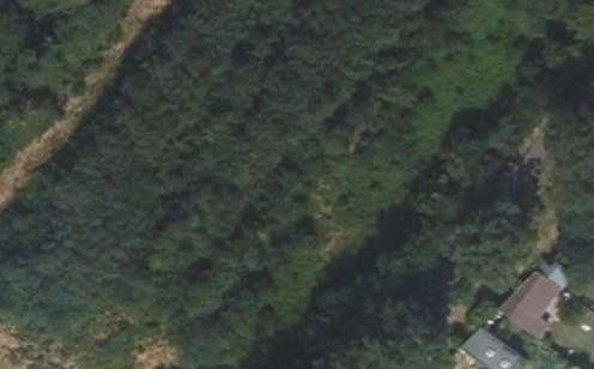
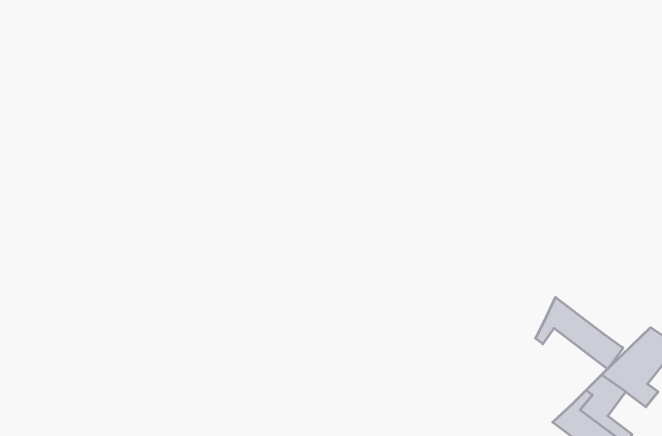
building: none -> [535,297,623,369]

